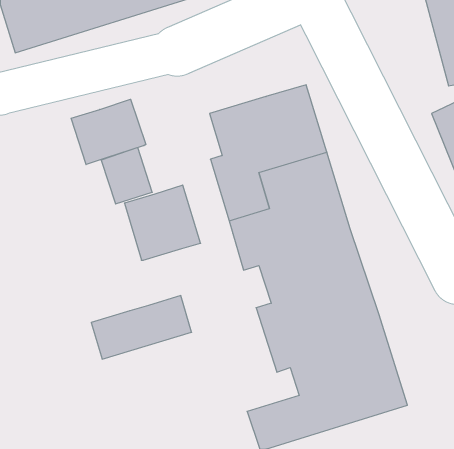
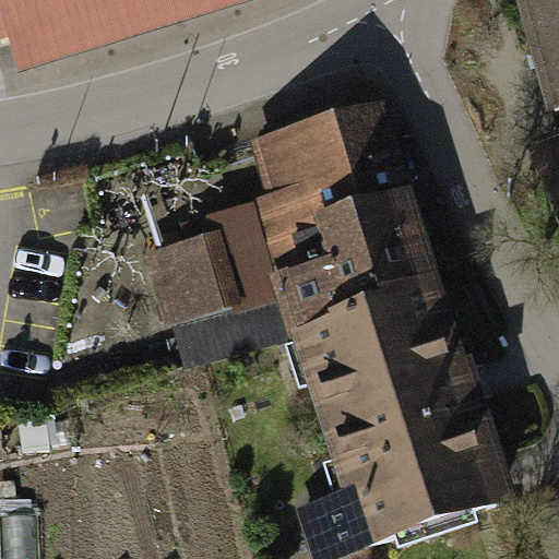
building: [71,99,146,165] -> none
building: [91,296,192,359] -> [179,285,301,362]

